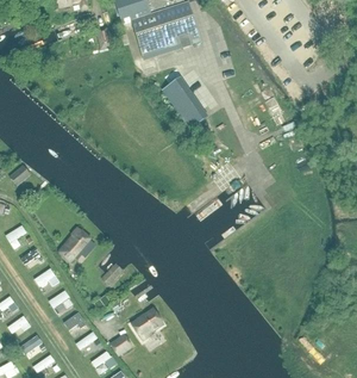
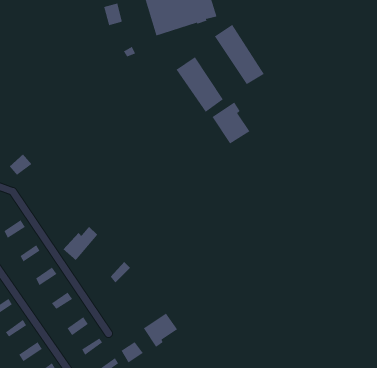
building: none -> [214,24,265,85]
building: none -> [212,102,250,145]

